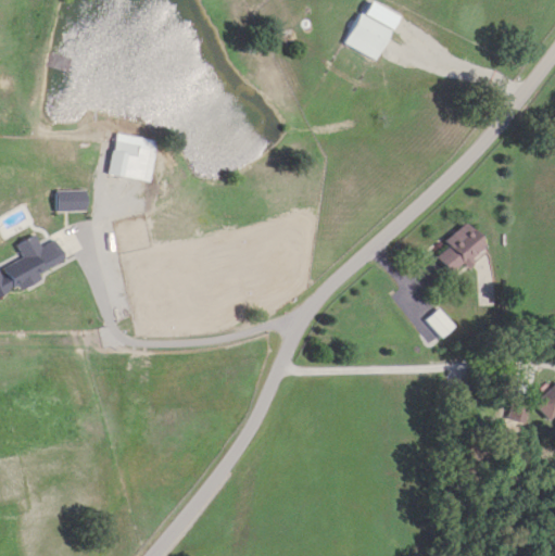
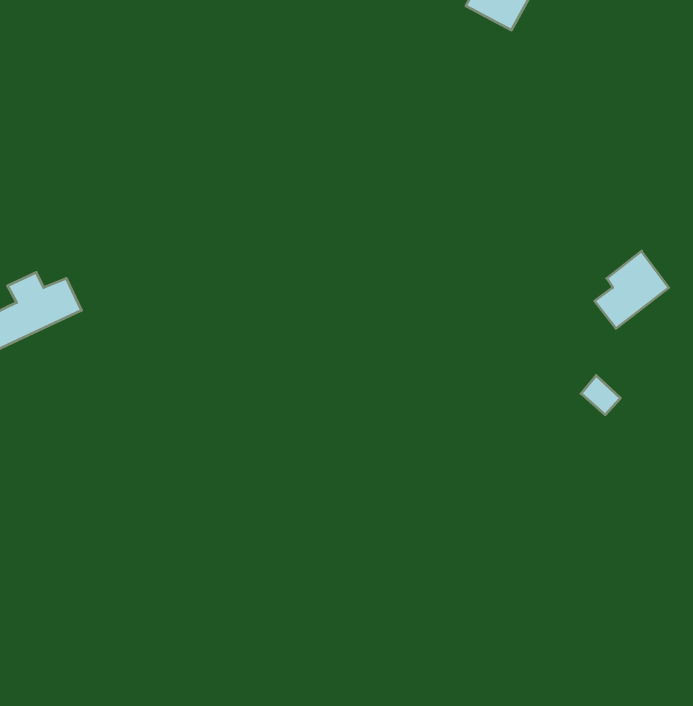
building: [109,140,156,181] -> none
building: [55,190,88,210] -> none

